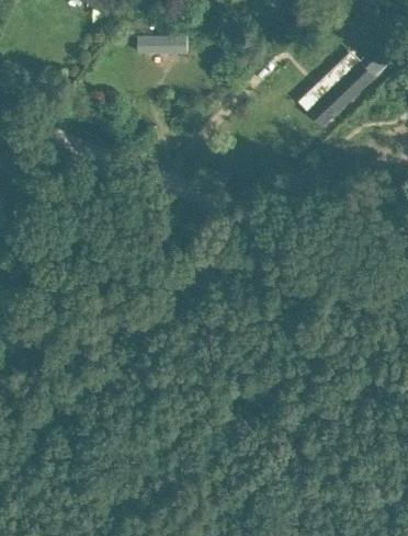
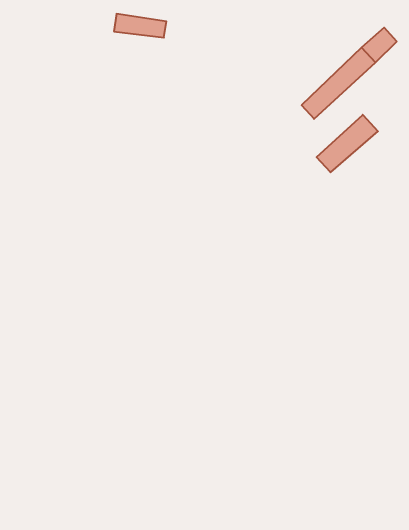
building: none -> [317,115,378,172]

